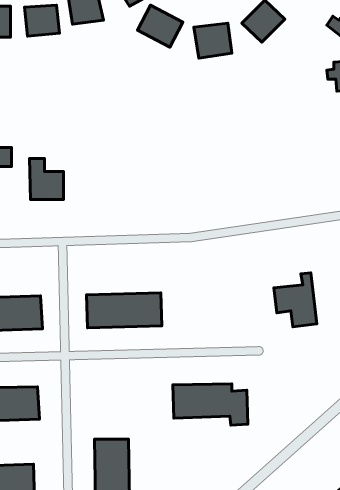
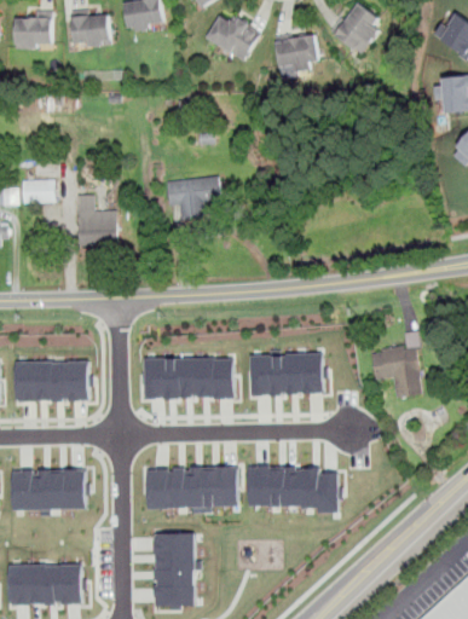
building: none -> [164,175,219,220]
building: none -> [249,352,325,397]
building: none -> [145,465,237,510]

